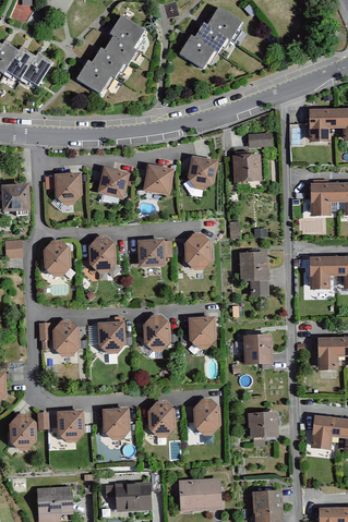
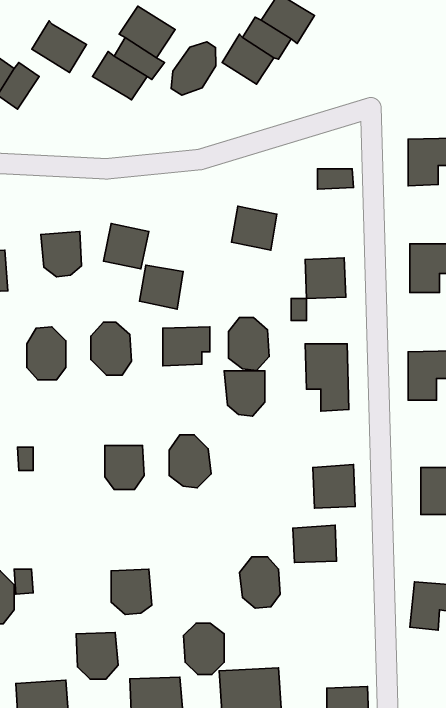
building: none -> [171,42,216,95]
building: [75,62,113,98] -> [32,21,87,73]
building: [232,151,261,180] -> [305,258,346,299]
building: [143,165,173,195] -> [139,265,183,309]
building: [188,317,216,349] -> [224,371,265,416]
building: [52,320,81,357] -> none
building: [147,401,176,437] -> [184,623,224,675]
building: [55,405,84,438] -> [76,632,118,679]
building: [248,411,278,437] -> [293,525,337,563]

